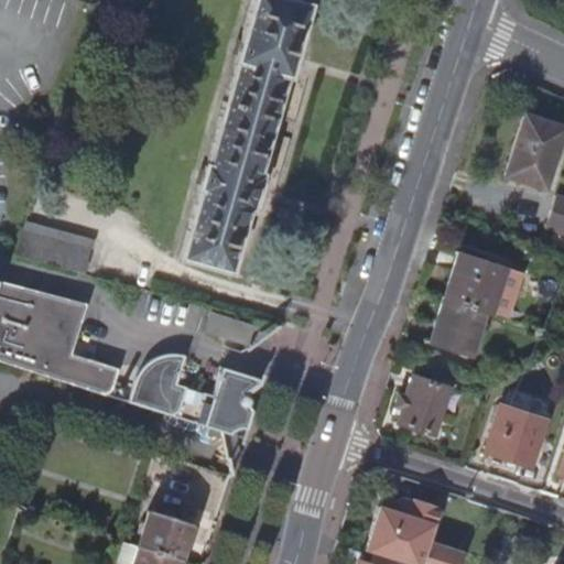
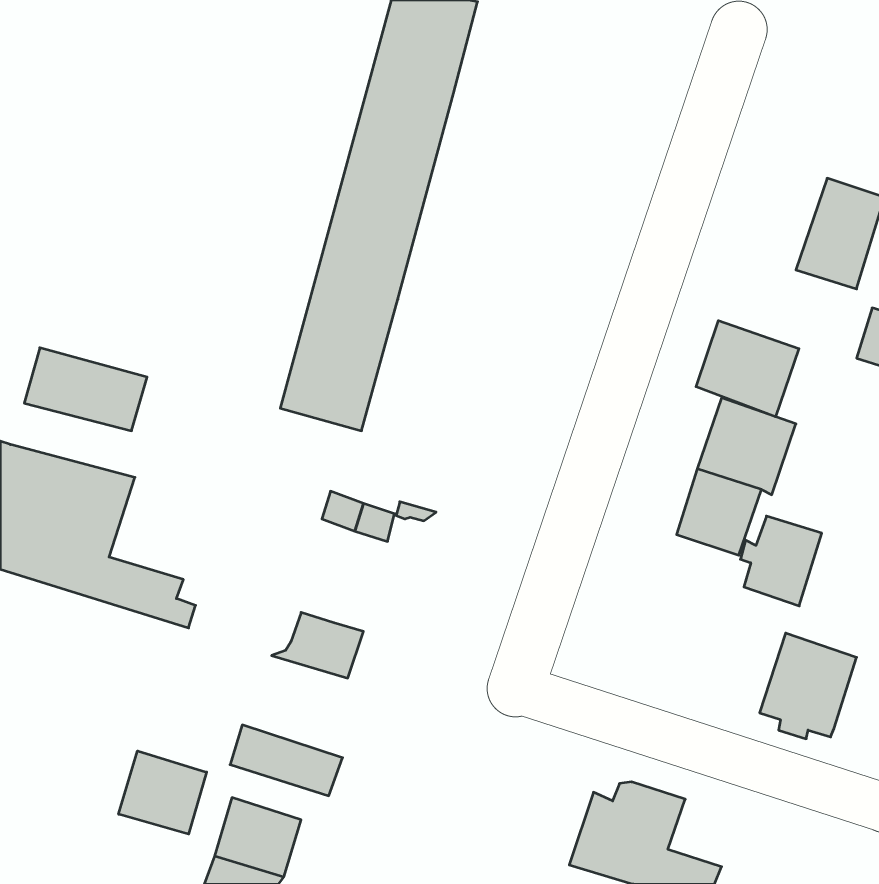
building: none -> [696,321,799,417]
building: [129,354,195,417] -> none
building: [216,368,263,433] -> none
building: [400,376,452,433] -> [740,516,822,606]
building: none -> [119,751,207,834]

